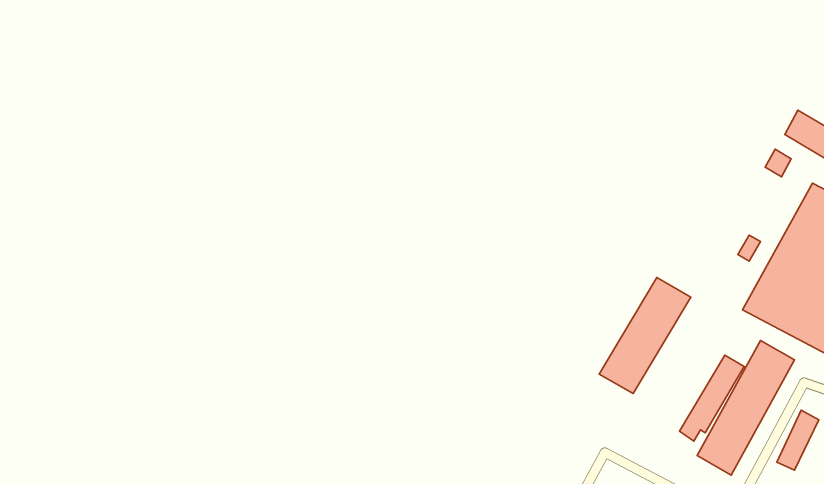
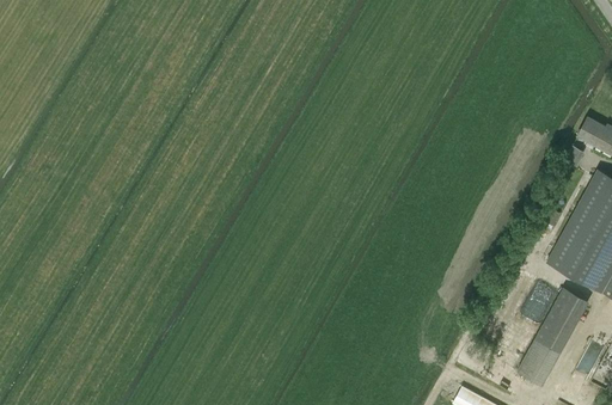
building: [599,277,691,394] -> none

